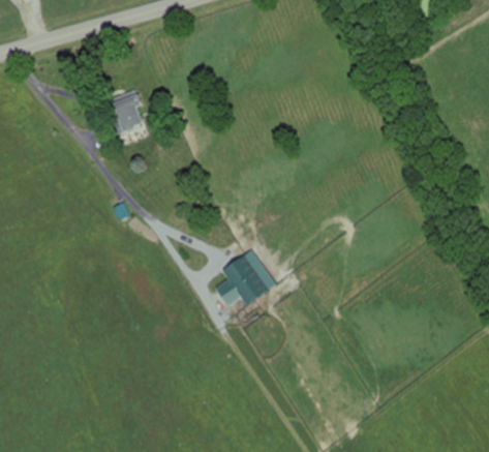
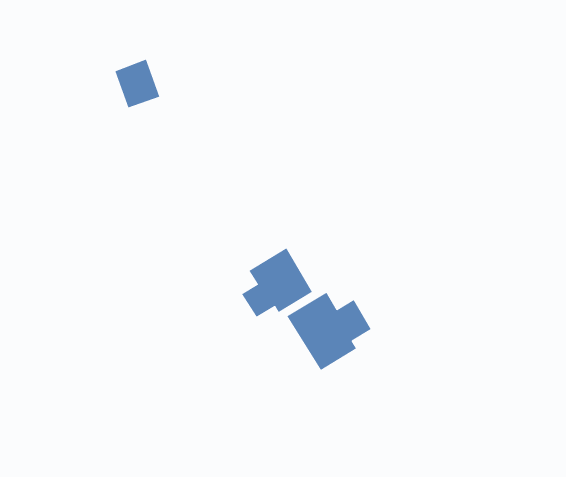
building: none -> [287,292,371,371]

